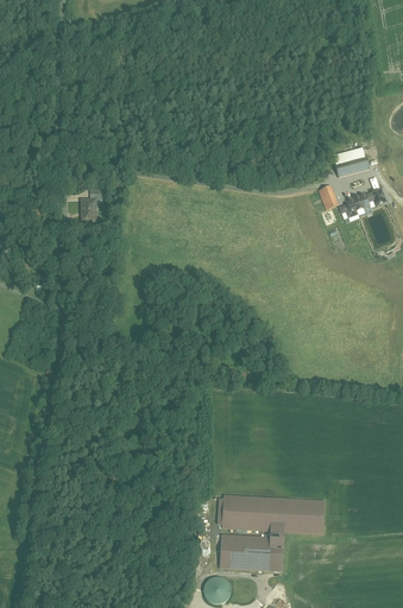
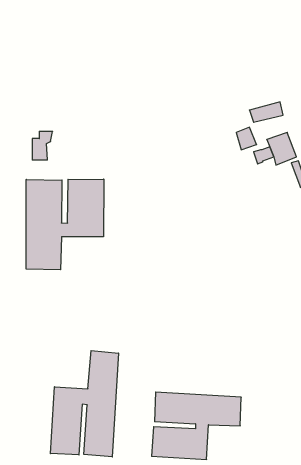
building: none -> [26,179,104,270]
building: none -> [50,351,118,457]

